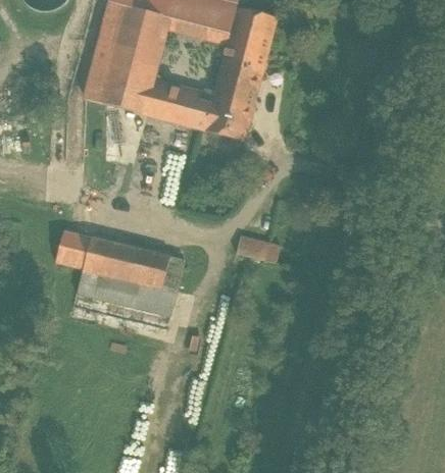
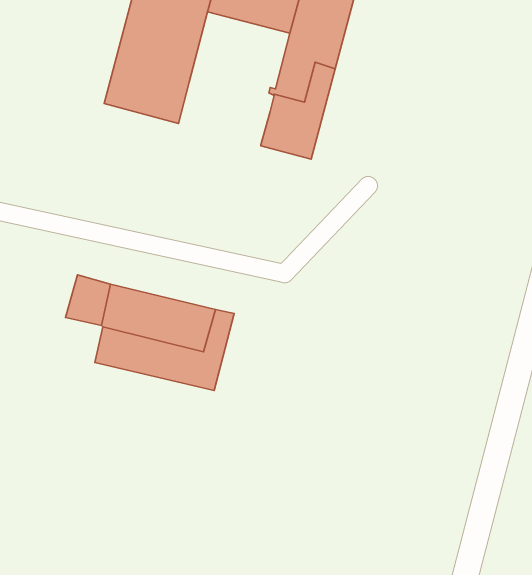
building: [142,82,212,129] -> none
building: [236,236,279,263] -> none

